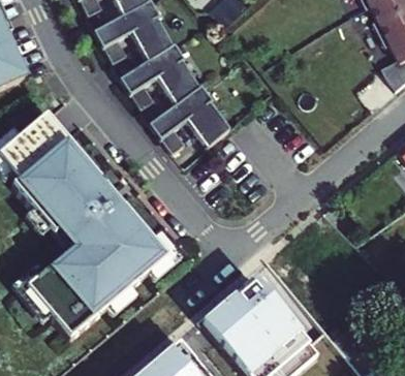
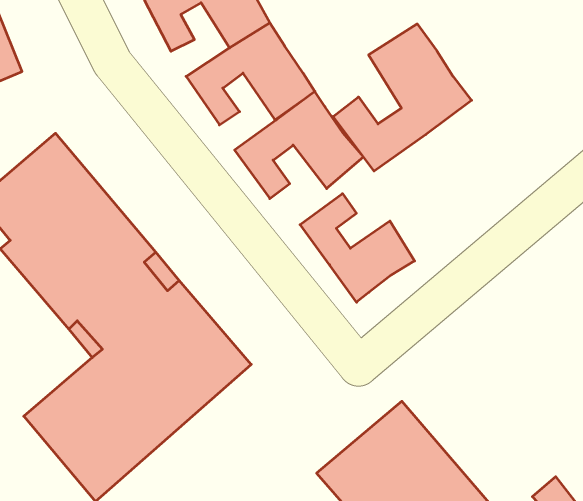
building: none -> [333,24,472,171]
building: none -> [300,194,415,302]

